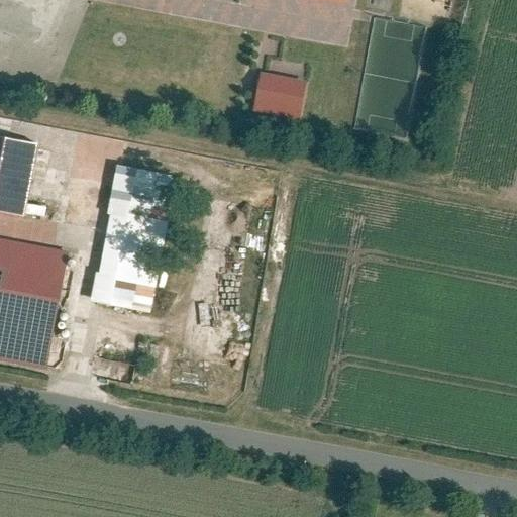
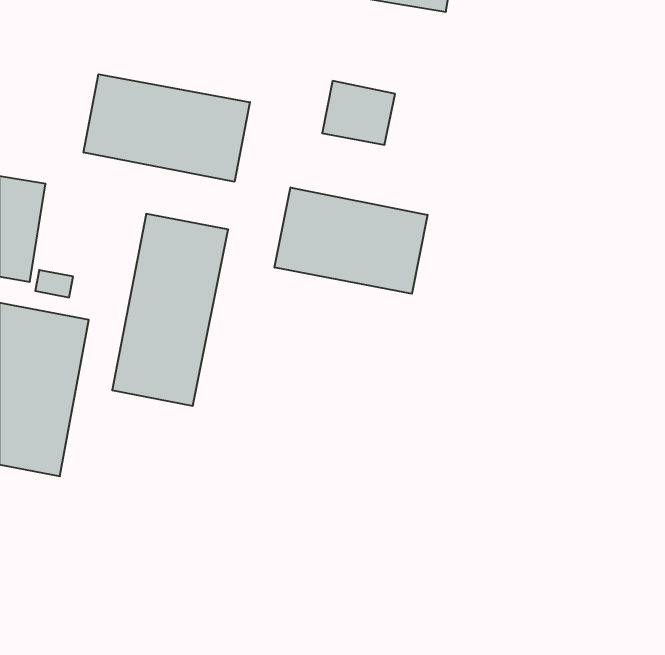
building: none -> [84,74,250,182]
building: none -> [275,187,428,294]

